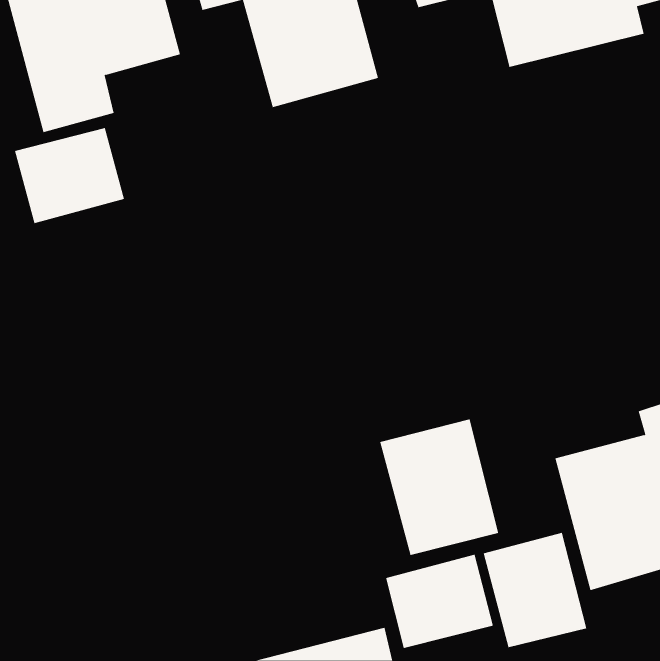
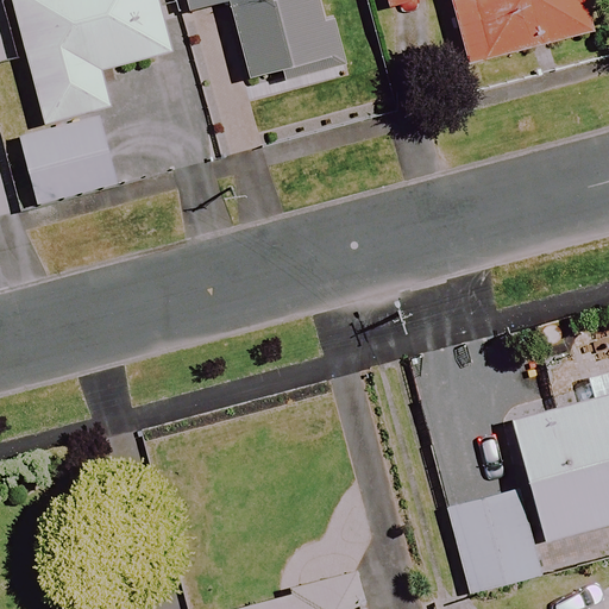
building: [380,418,499,556] -> none
building: [386,554,493,649] -> none

